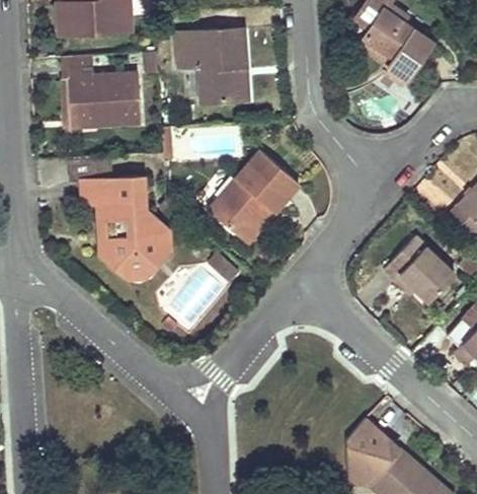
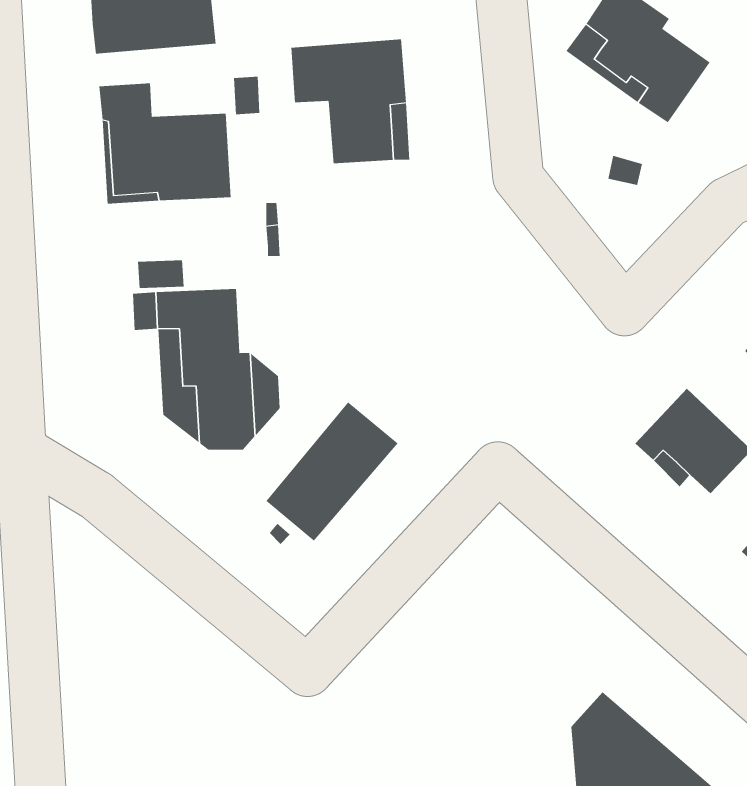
building: [209,150,299,244] -> none

